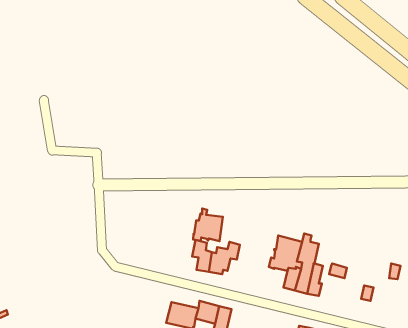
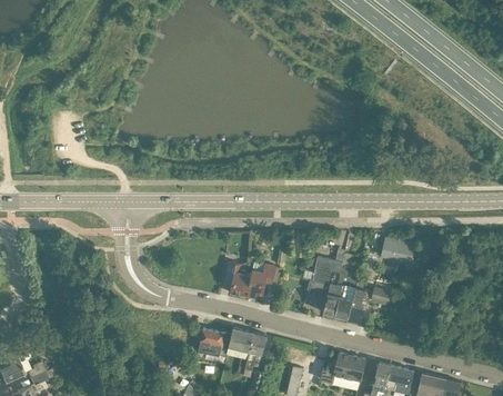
building: [193,209,223,241] -> none
building: none -> [381,237,415,264]

